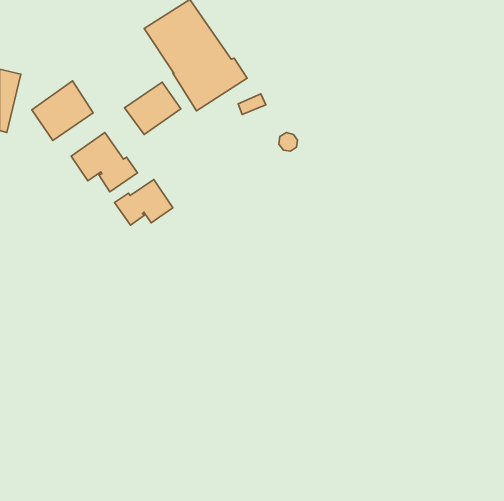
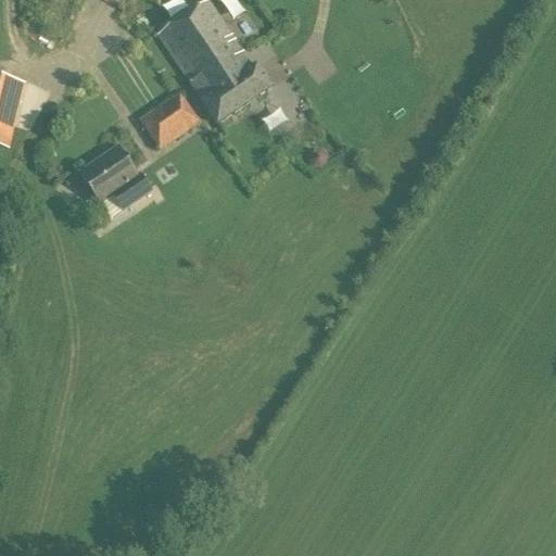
building: [32,81,93,140] -> none
building: [115,180,173,225] -> none

